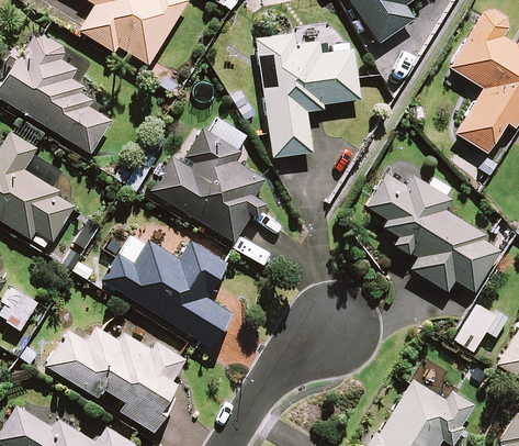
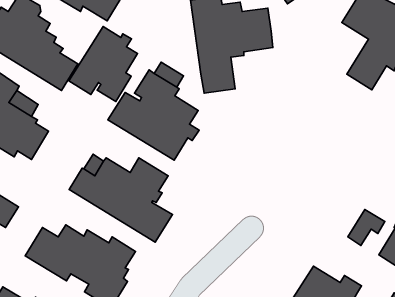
building: none -> [69,26,138,101]
building: [365,172,500,292] -> none

